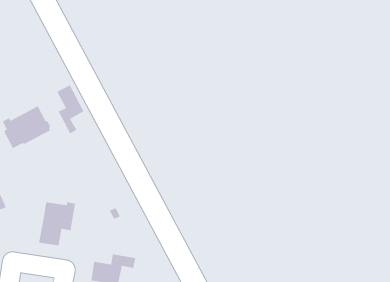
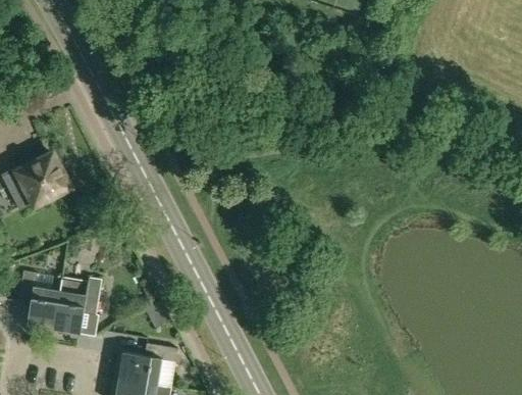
building: [56,84,84,135] -> none
building: none -> [18,269,61,329]

